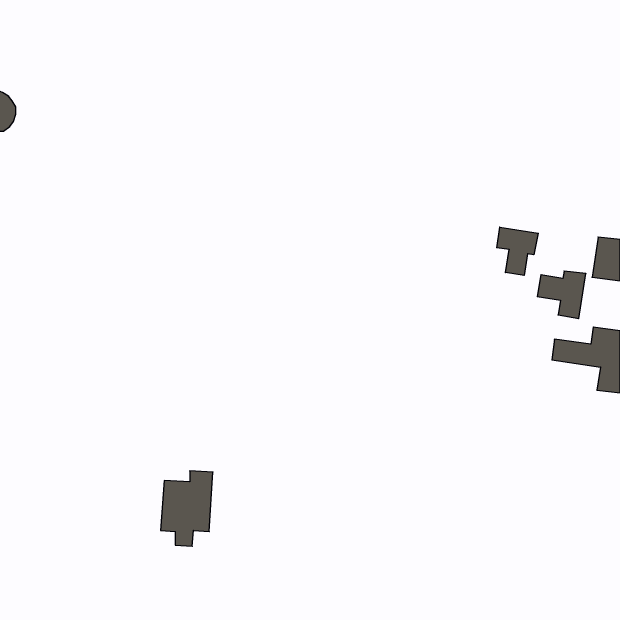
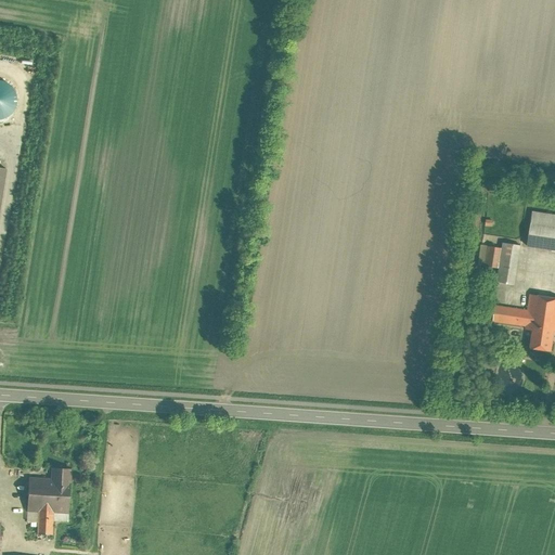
building: [497,227,538,275] -> none
building: [161,471,213,546] -> [25,468,72,535]

